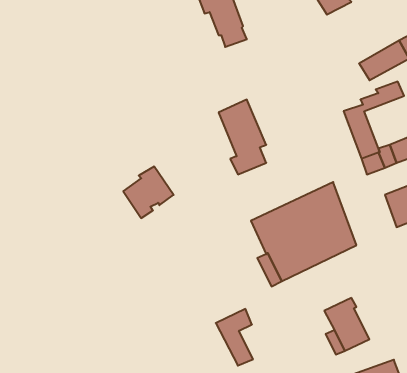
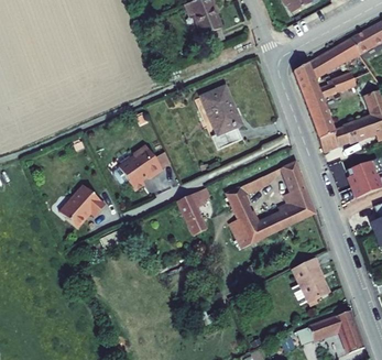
building: none -> [296,57,328,98]
building: none -> [59,185,106,228]
building: [216,309,253,366] -> [178,188,210,237]

